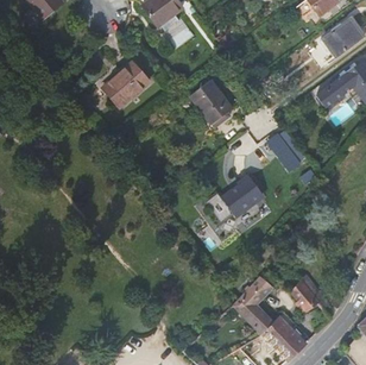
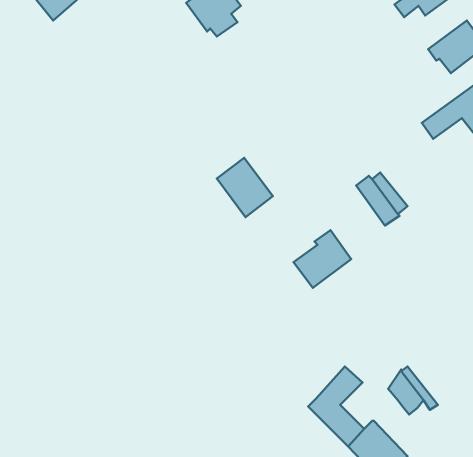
building: [102,62,149,107] -> none
building: [190,81,232,125] -> [217,158,273,217]

